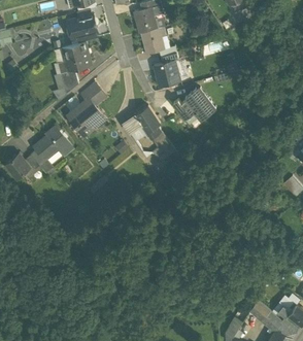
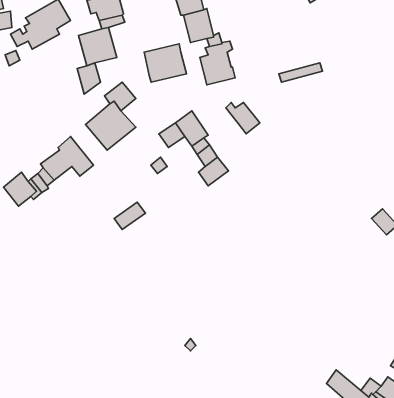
building: none -> [144,44,186,82]
building: [186,89,215,117] -> none

